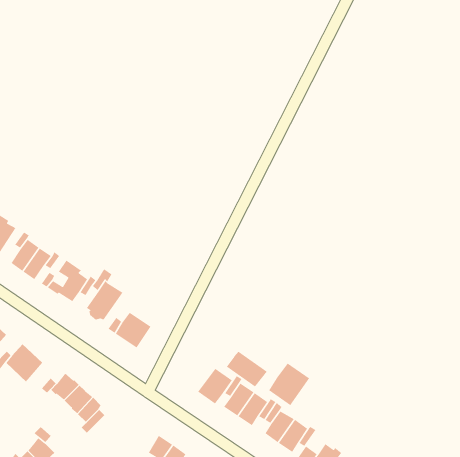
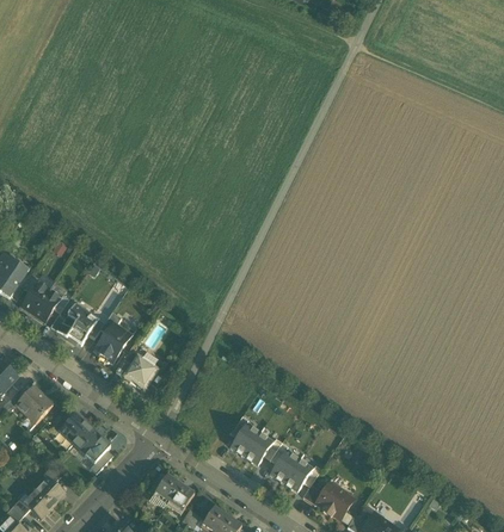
building: [226,351,268,388] -> none
building: [268,362,310,406] -> none
building: [197,368,233,405] -> none

